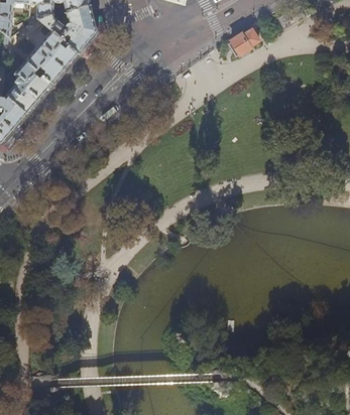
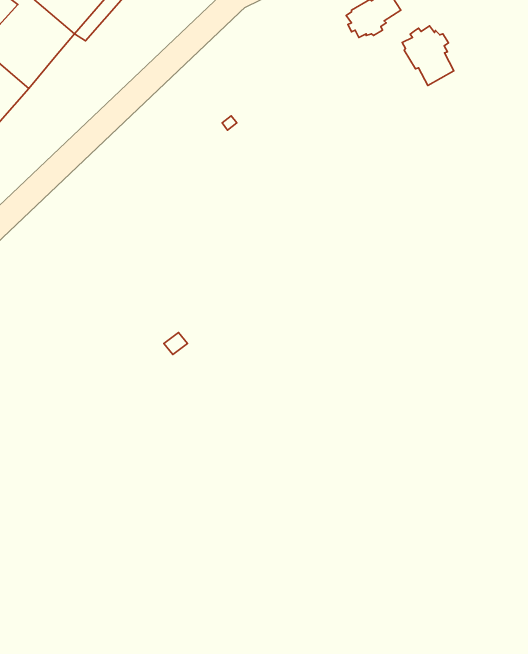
building: none -> [402,26,454,86]

